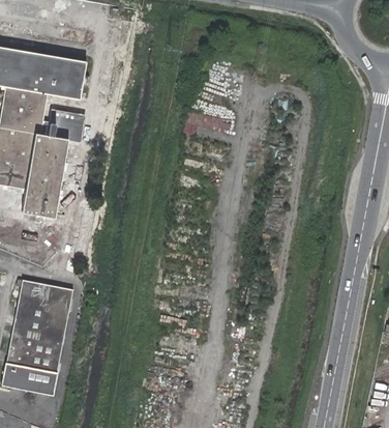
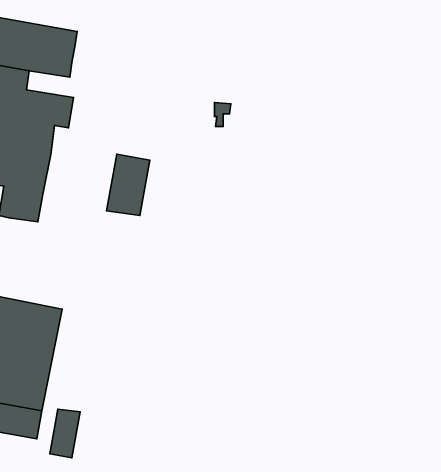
building: none -> [106,154,150,215]
building: none -> [50,409,80,458]

